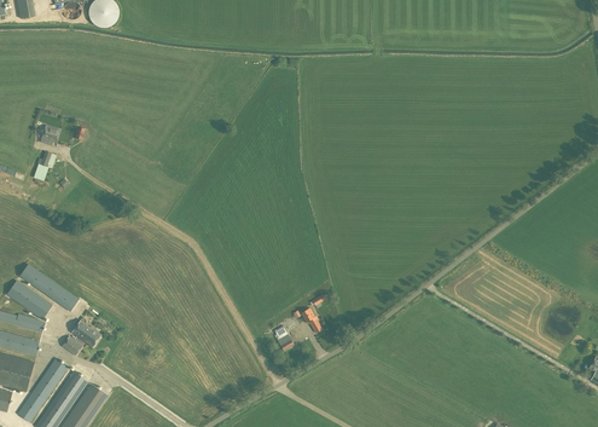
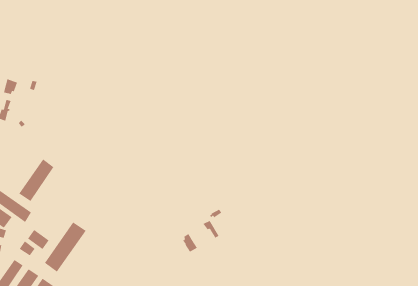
building: none -> [19,159,54,202]
building: none -> [44,221,86,272]

